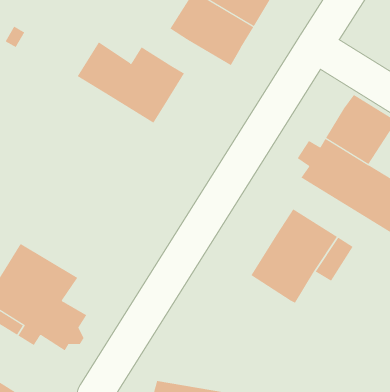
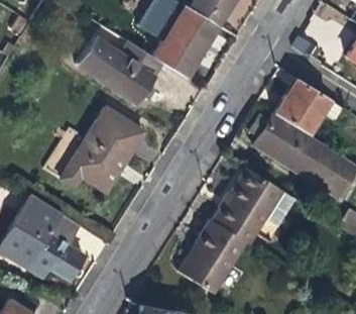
building: none -> [153,36,200,77]
building: none -> [44,107,143,192]
building: none -> [181,219,246,292]

